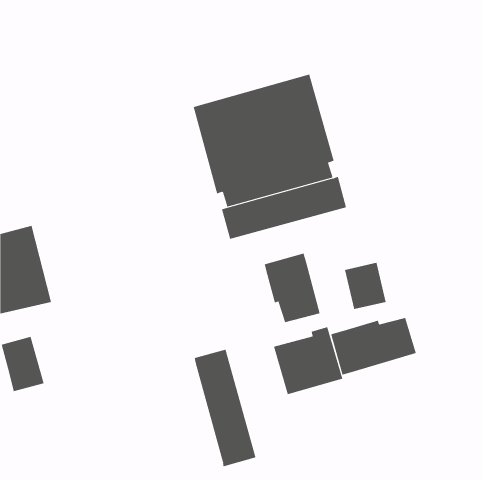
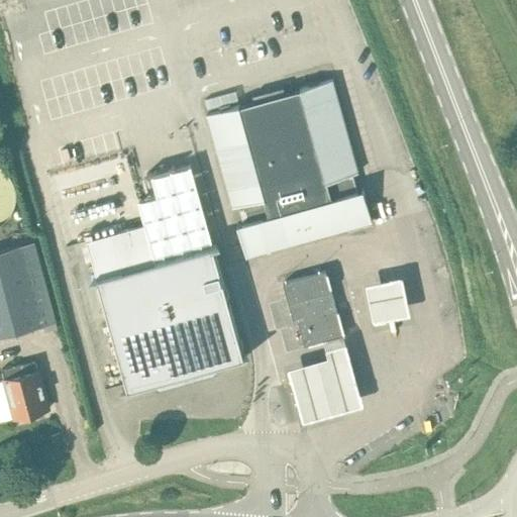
building: none -> [84,169,245,394]
building: [331,317,416,375] -> none
building: [194,349,256,467] -> none

